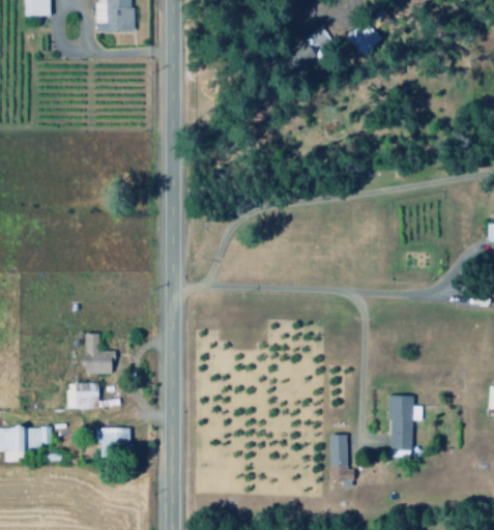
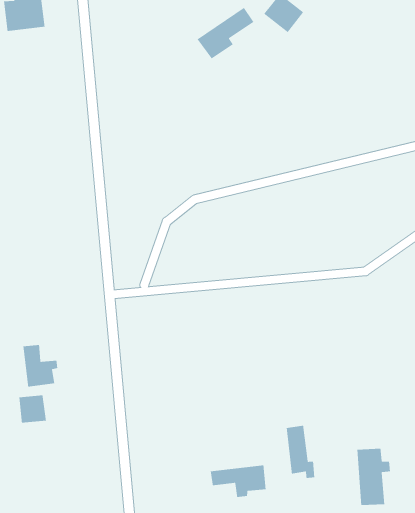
building: [389,394,422,450] -> [356,448,391,506]
building: [97,426,130,449] -> none
building: none -> [210,465,266,498]

